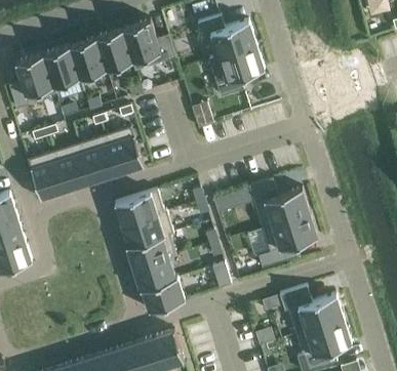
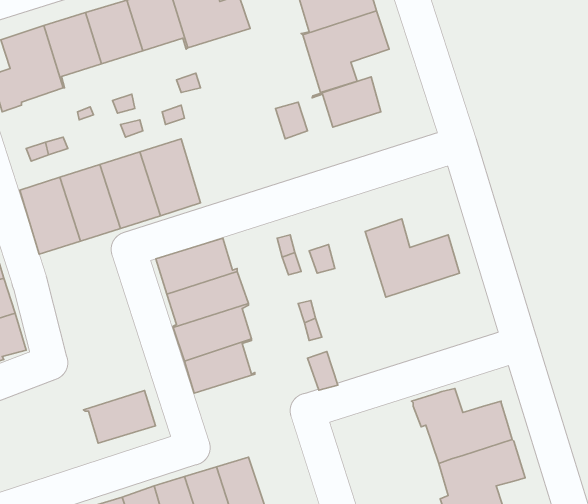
building: none -> [312,77,381,127]
building: [257,213,317,269] -> none
building: [138,278,185,312] -> [84,390,156,443]

